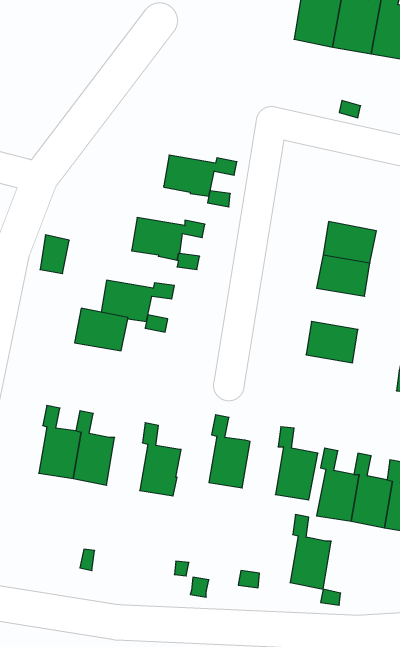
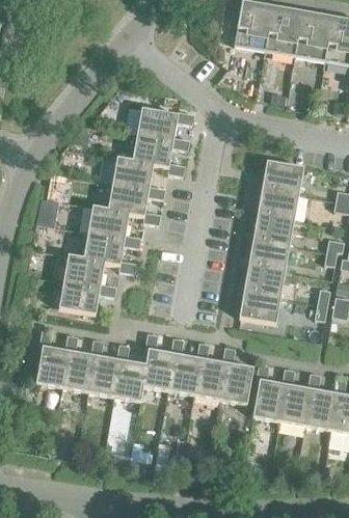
building: none -> [137,107,194,140]
building: none -> [262,151,303,193]
building: none -> [112,156,154,189]
building: none -> [88,205,129,238]
building: none -> [248,238,290,270]
building: none -> [59,280,116,312]
building: none -> [239,290,280,323]
building: none -> [142,331,175,389]
building: none -> [88,337,120,396]
building: [290,515,331,589] -> [194,340,226,399]

